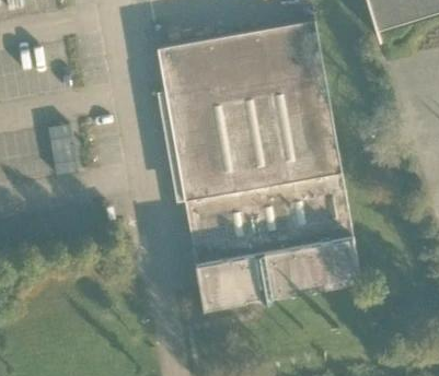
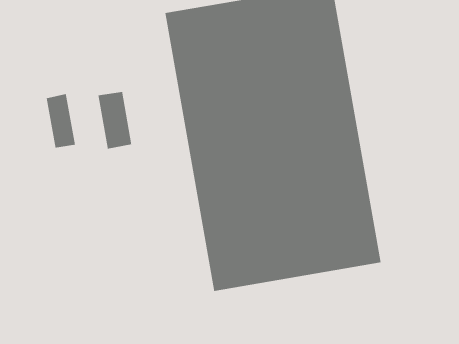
building: none -> [98,91,132,150]

